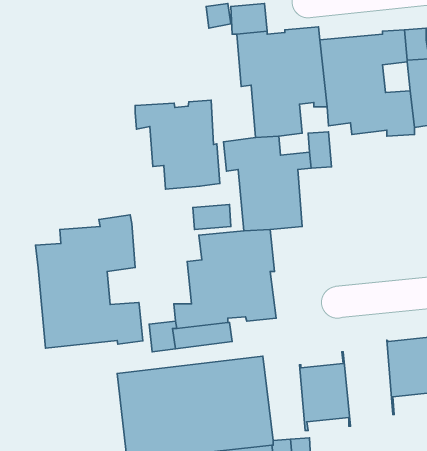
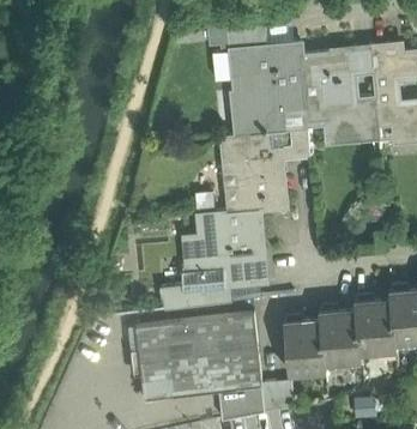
building: [135,100,220,189] -> none
building: [36,215,143,348] -> none
building: none -> [320,301,361,371]

